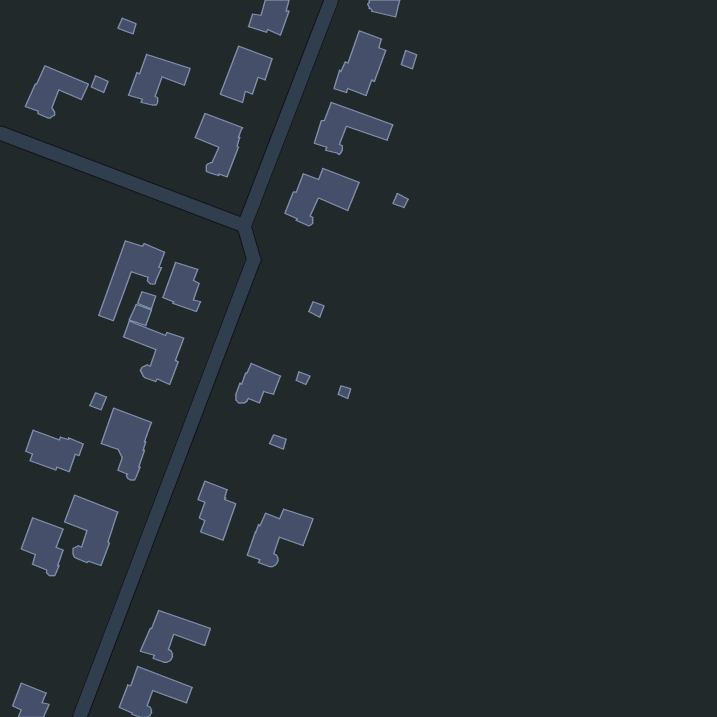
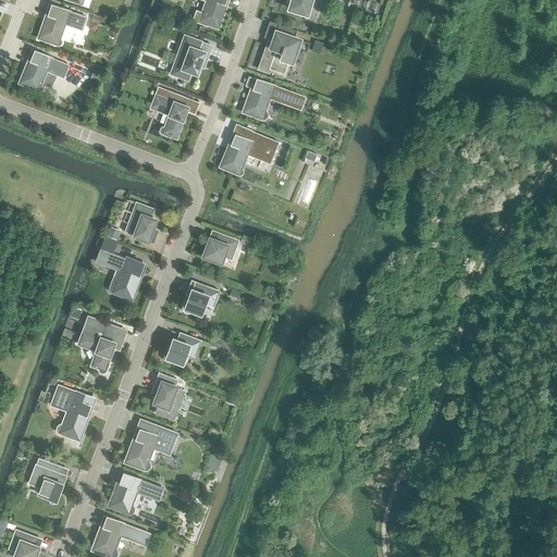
building: [128,54,190,105] -> [38,5,86,45]
building: [99,241,164,321] -> none
building: none -> [203,233,237,262]
building: none -> [164,333,199,362]
building: [26,430,83,472] -> none
building: [247,509,313,567] -> [126,425,177,470]
building: [21,518,63,575] -> [29,458,62,503]

